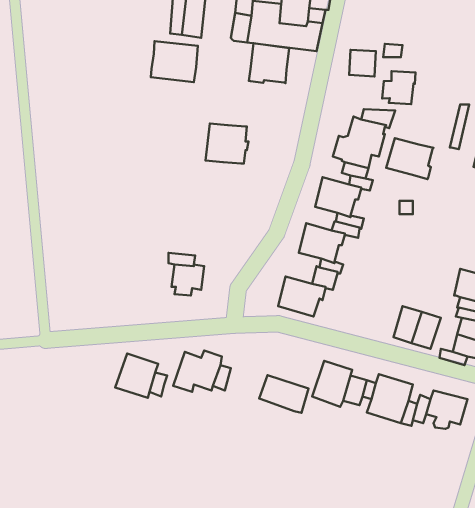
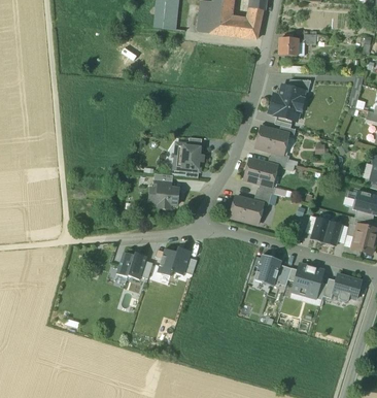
building: [151,41,198,82] -> none
building: [249,43,289,83] -> none
building: [382,71,415,104] -> none
building: [205,124,248,164] -> [173,142,203,170]
building: [386,138,433,179] -> none
building: [259,375,308,413] -> none

